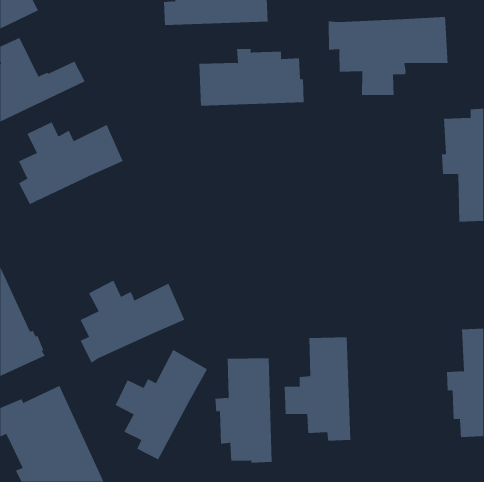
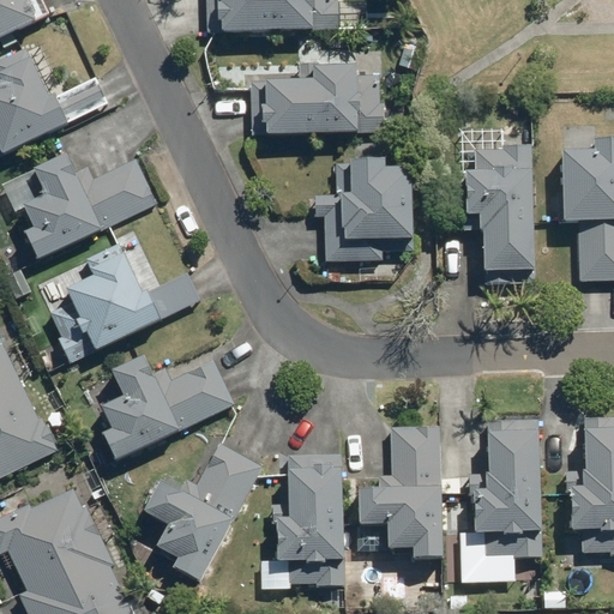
building: [328,16,448,96] -> none
building: none -> [465,144,535,271]
building: none -> [314,157,413,260]
building: none -> [50,242,201,361]
building: none -> [469,419,542,556]

